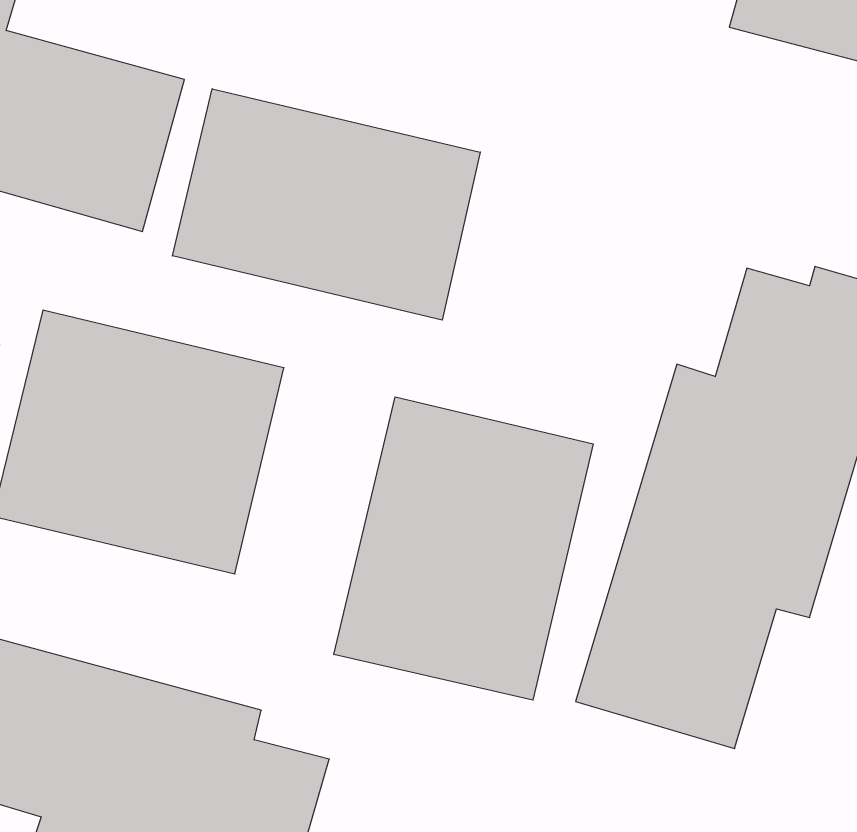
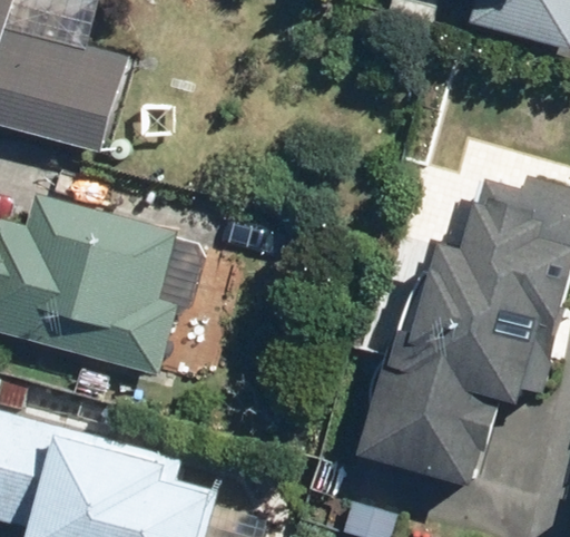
building: [172,89,480,320] -> none
building: [334,397,593,700] -> none

